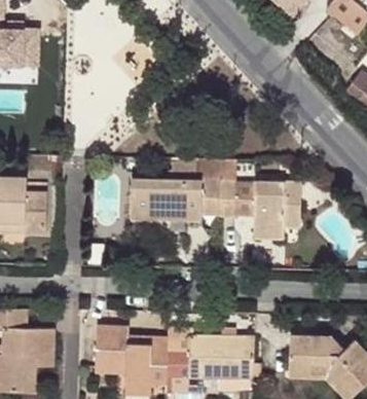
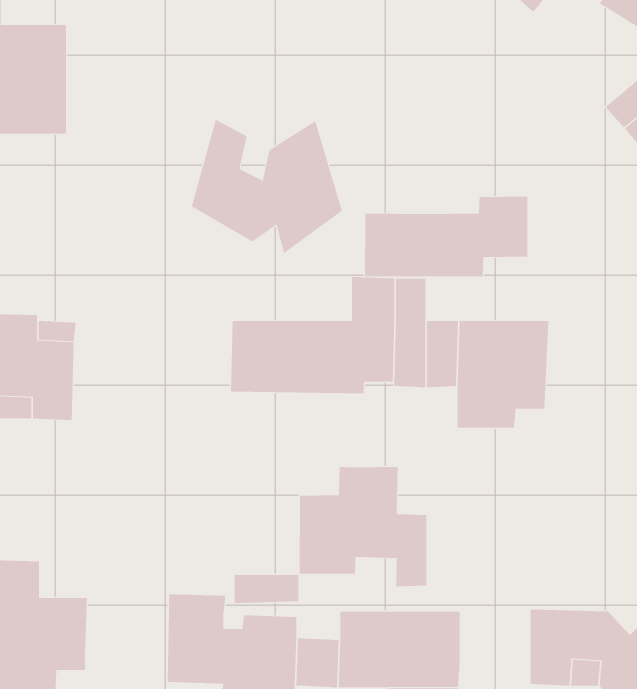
building: none -> [191,119,342,254]
building: none -> [365,196,528,277]
building: none -> [299,466,427,587]

